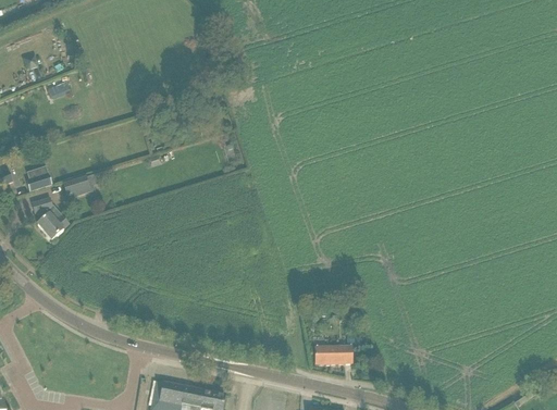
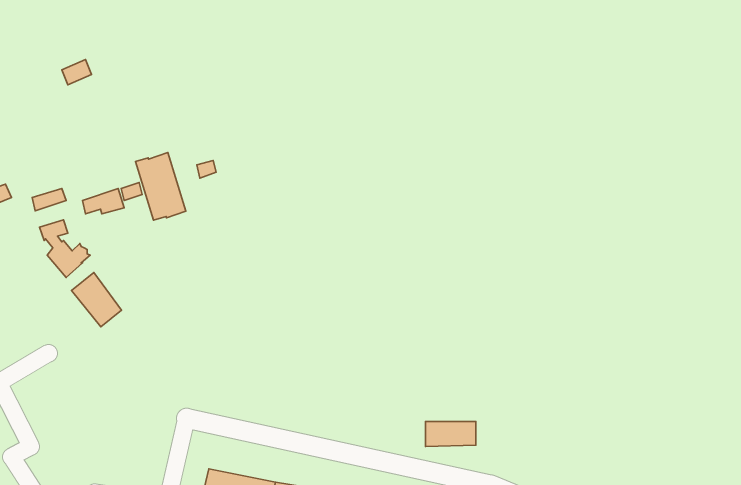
building: none -> [135,152,186,220]
building: none -> [71,273,122,327]

